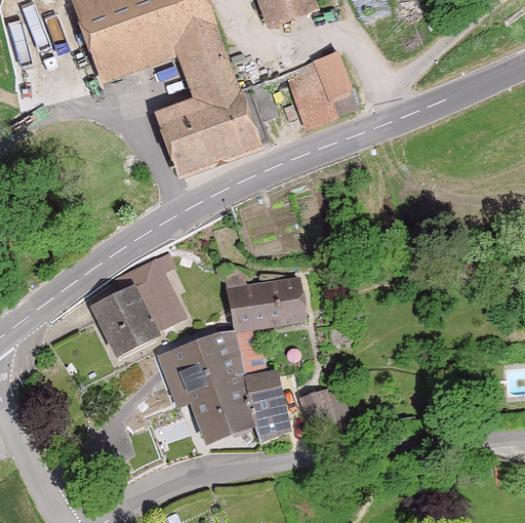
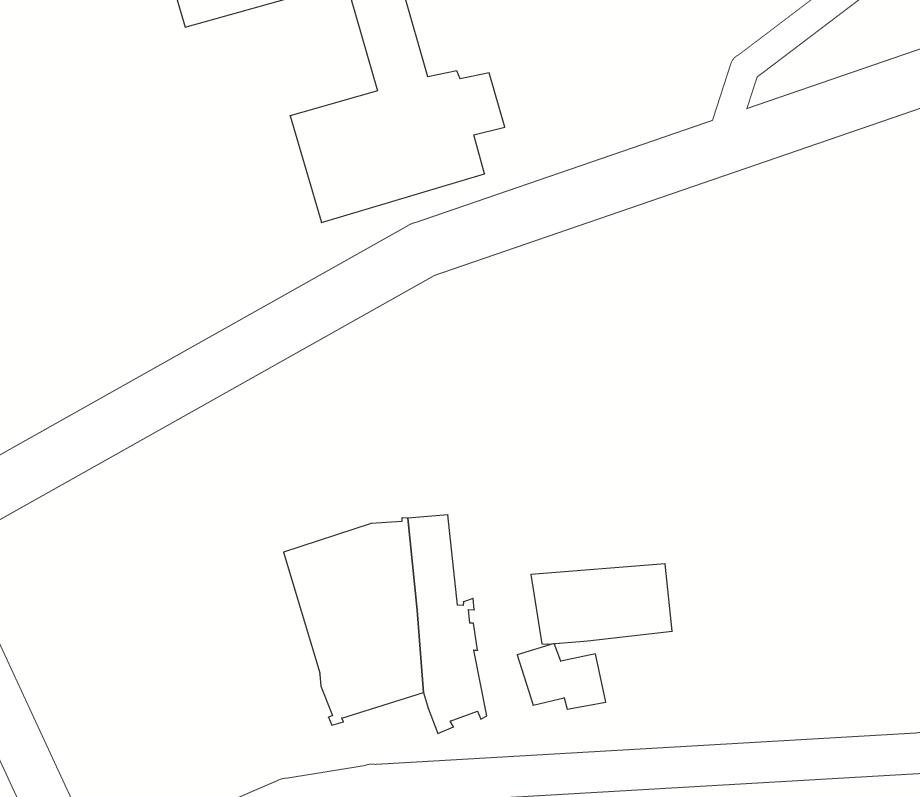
building: [285,65,345,132] -> none
building: [98,275,179,354] -> none
building: [226,281,304,328] -> [531,564,672,644]

